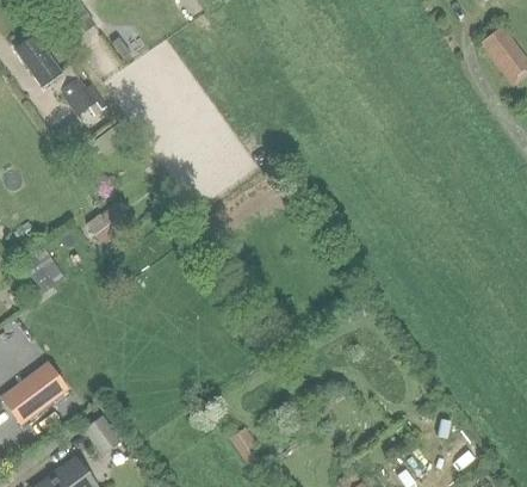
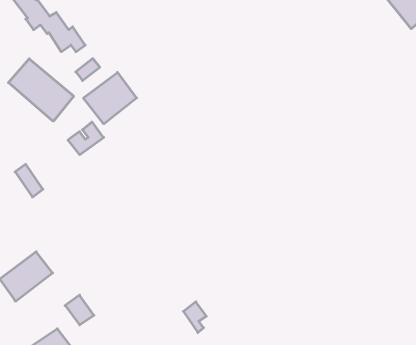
building: none -> [8,59,73,121]
building: none -> [84,72,137,124]

